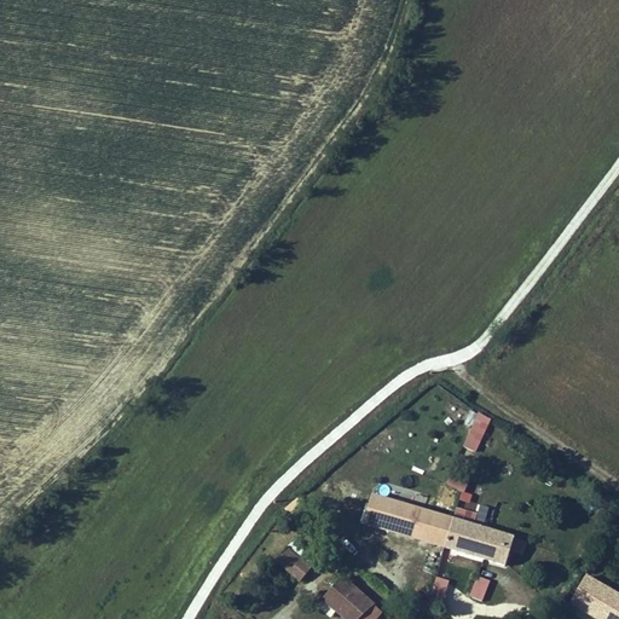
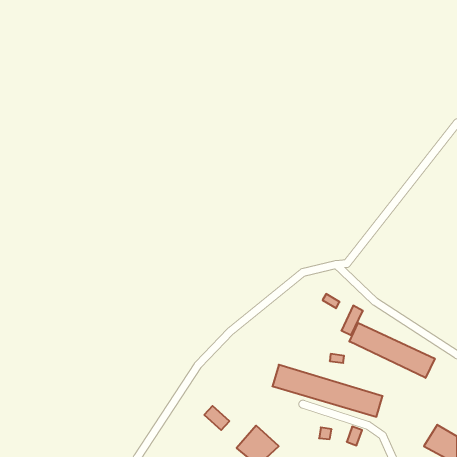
building: none -> [349,323,435,378]

